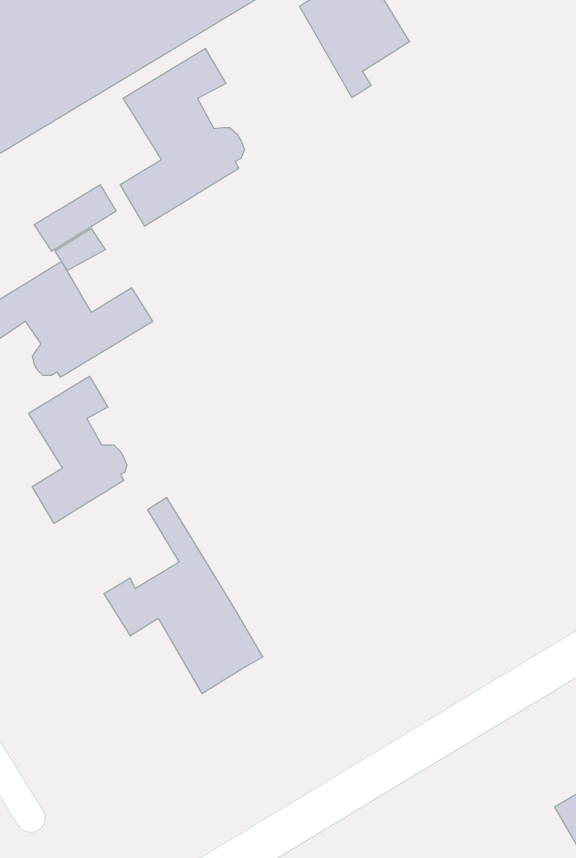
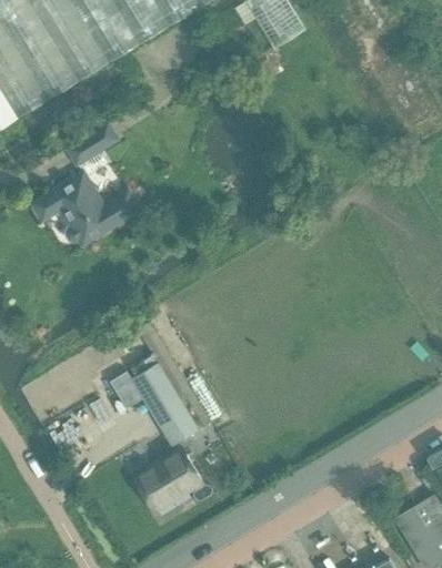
building: [120,48,244,226] -> none
building: [29,376,127,523] -> none
building: none -> [134,447,202,510]

